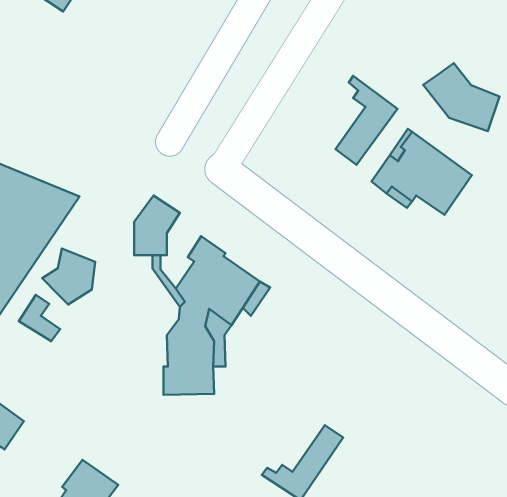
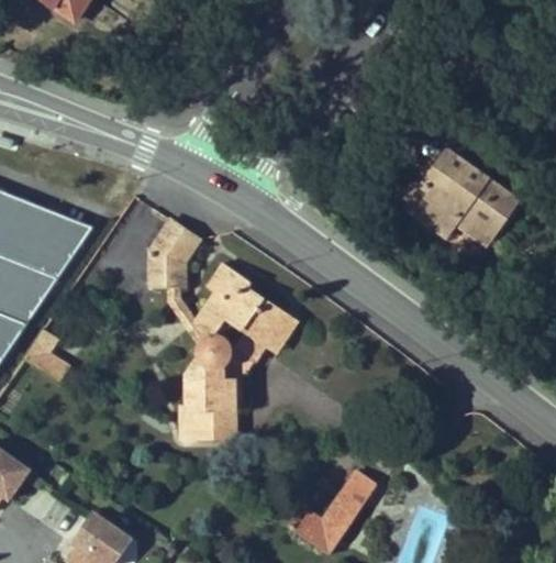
building: [423,63,500,131] -> none
building: [335,76,397,165] -> none
building: [42,248,95,304] -> none

